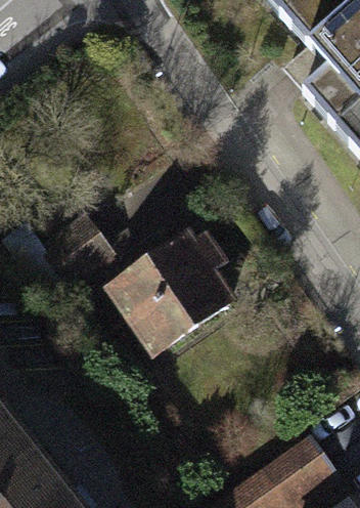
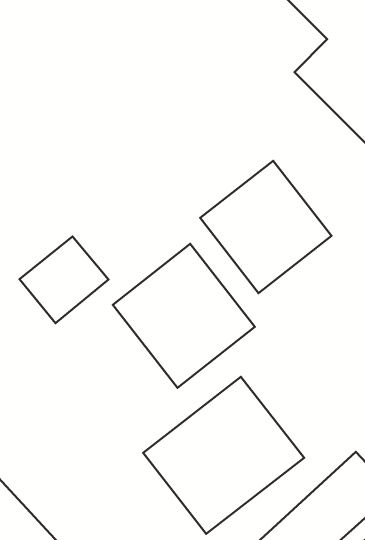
building: none -> [200,161,332,293]
building: none -> [143,377,304,534]

